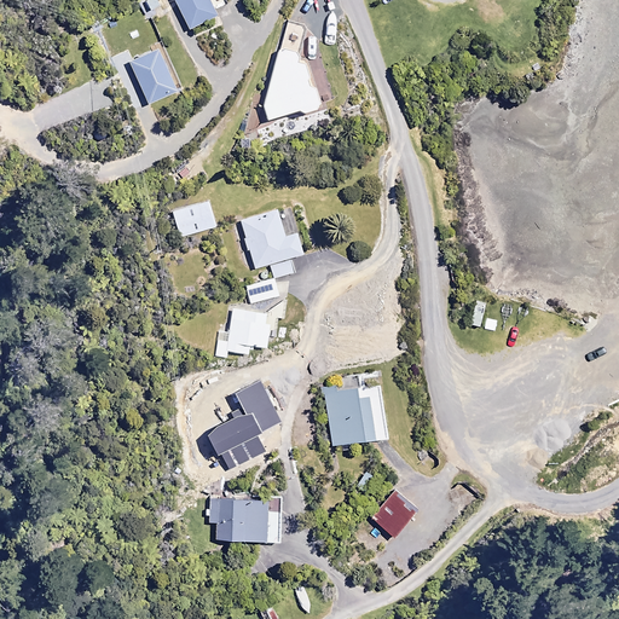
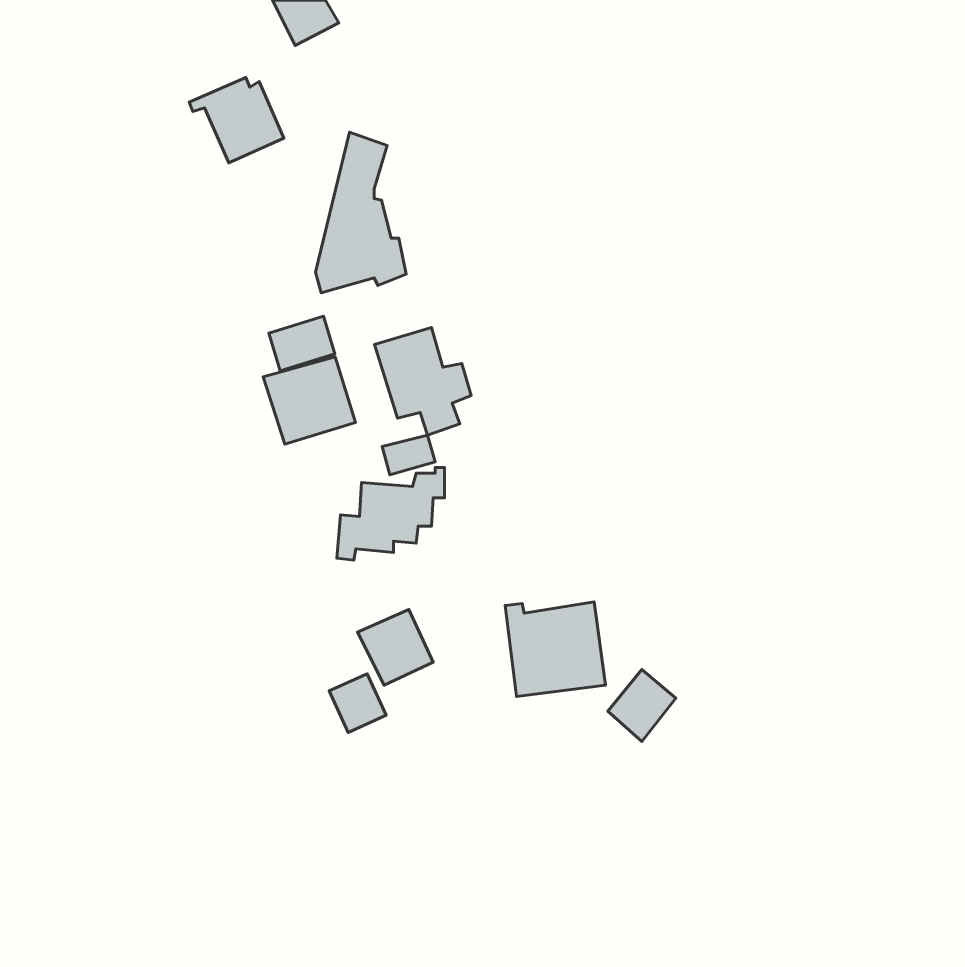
building: [262,16,320,118] -> [315,132,406,293]
building: none -> [263,357,355,444]
building: [374,491,417,537] -> [608,670,676,742]
building: [209,499,280,540] -> none

